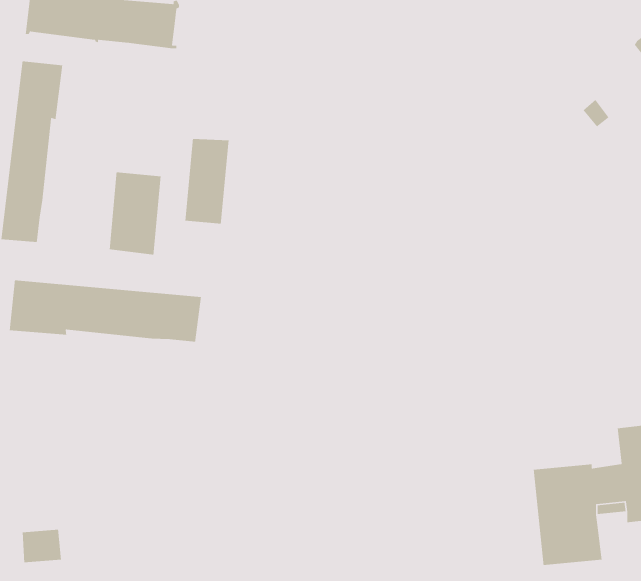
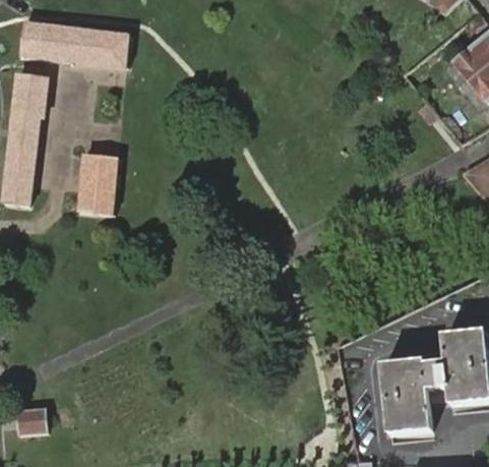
building: [185,138,229,224] -> none
building: [9,280,202,342] -> none

